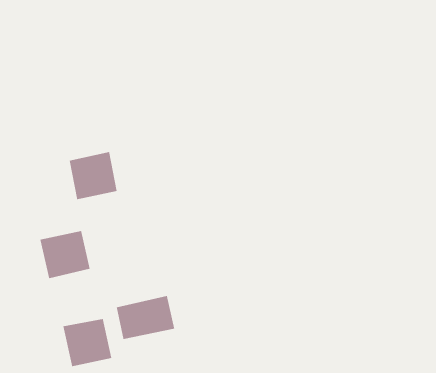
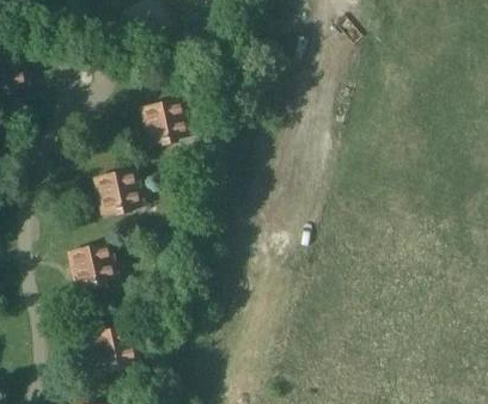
building: none -> [141,97,187,142]
building: [116,295,175,340] -> none

